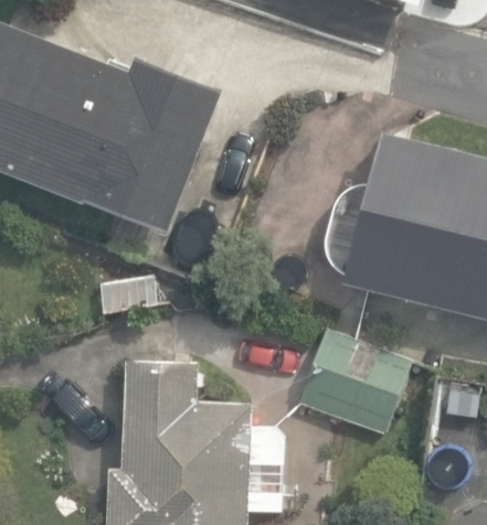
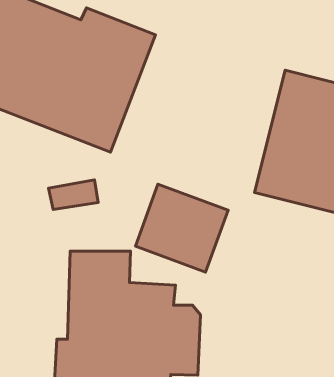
building: [292,326,405,435] -> [135,184,228,272]

